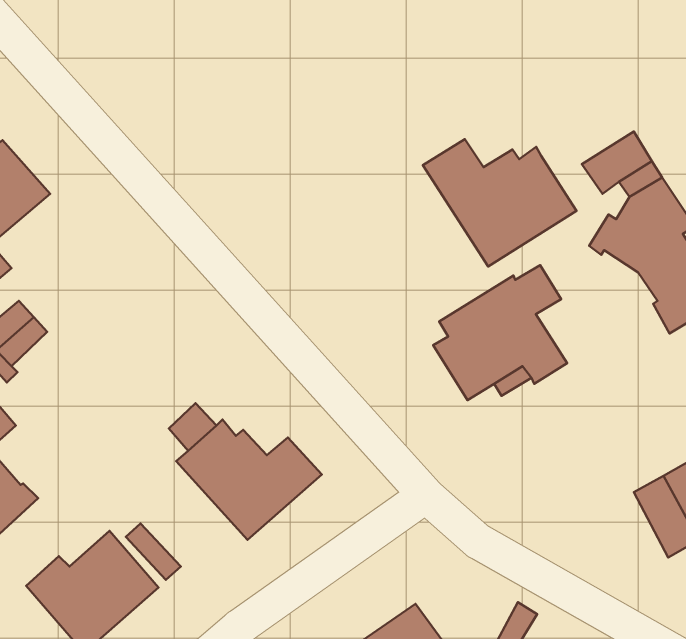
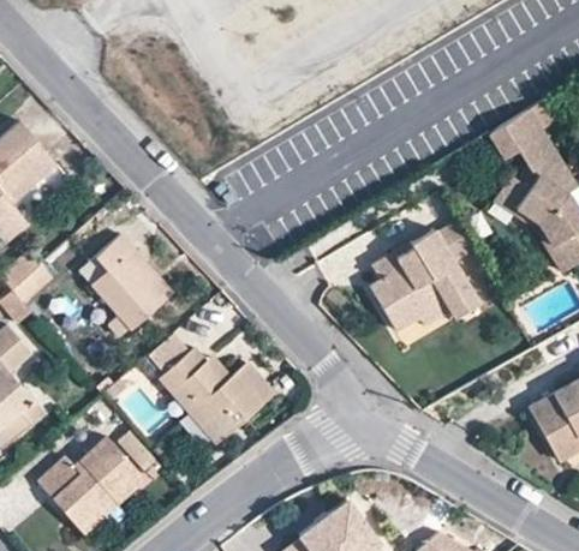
building: [423,139,577,267] -> none
building: none -> [91,232,174,336]

